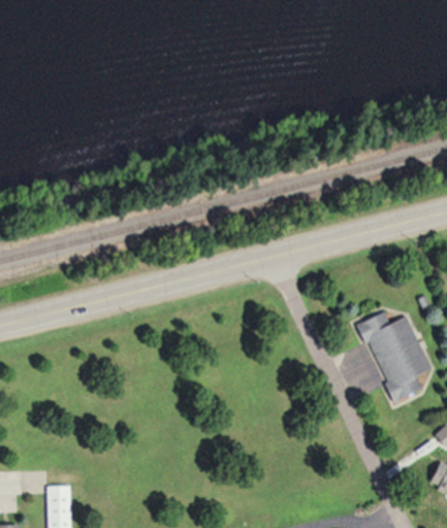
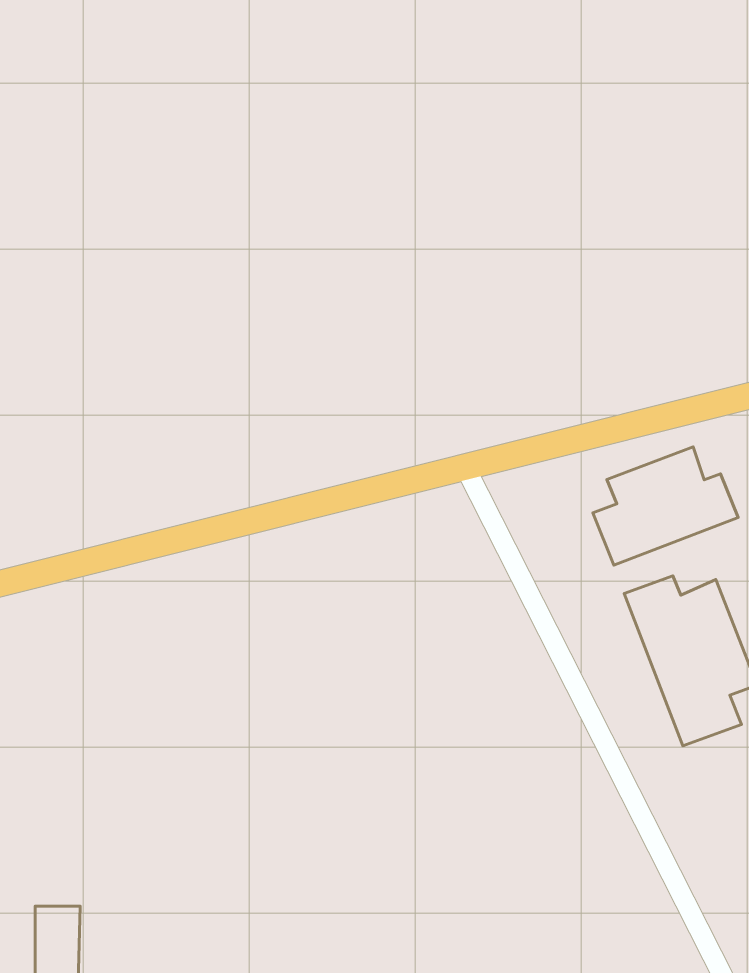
building: none -> [593,447,738,565]

